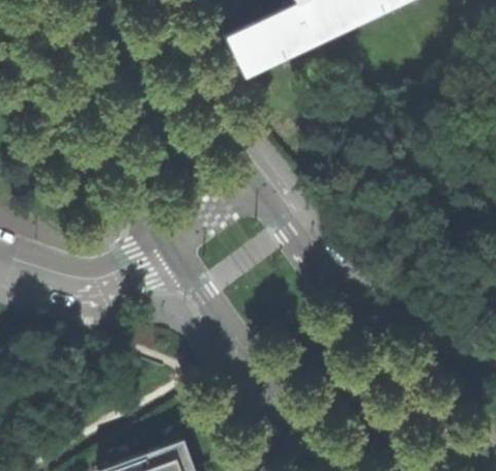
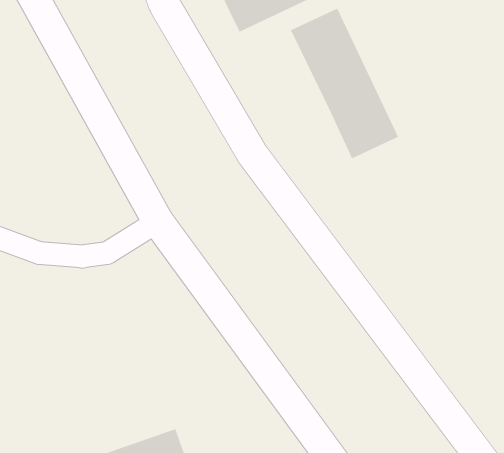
building: none -> [290,8,399,159]

